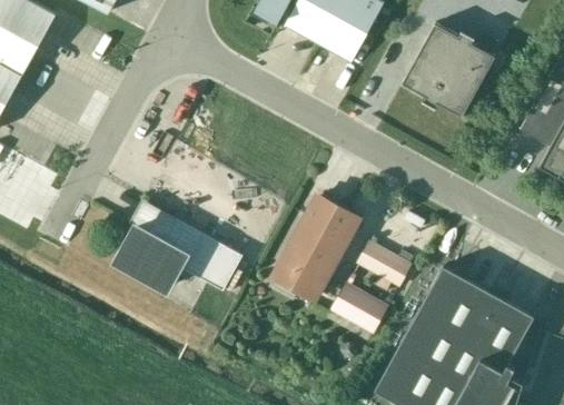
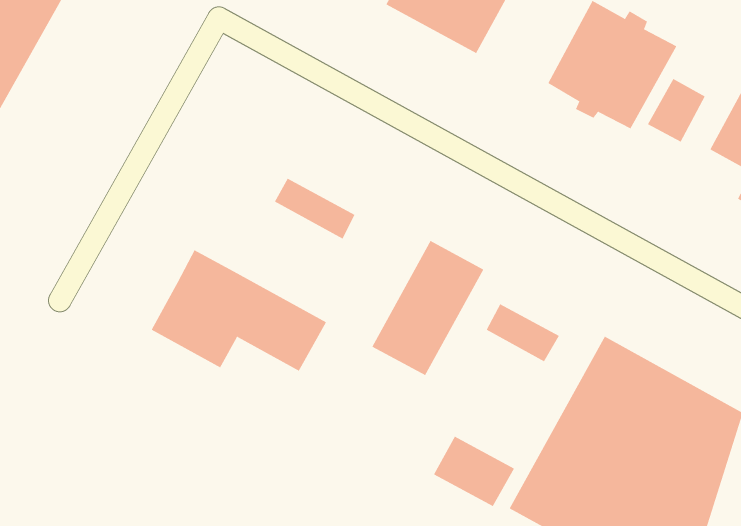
building: none -> [647,78,705,142]
building: none -> [274,178,355,240]
building: [329,281,388,333] -> [433,436,515,507]

